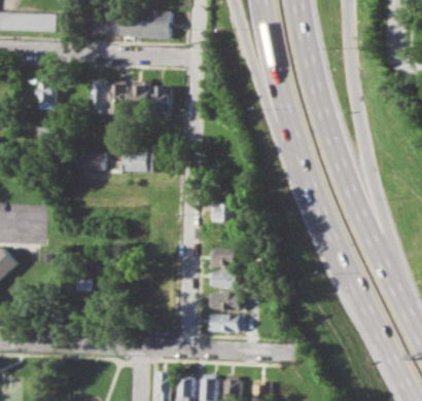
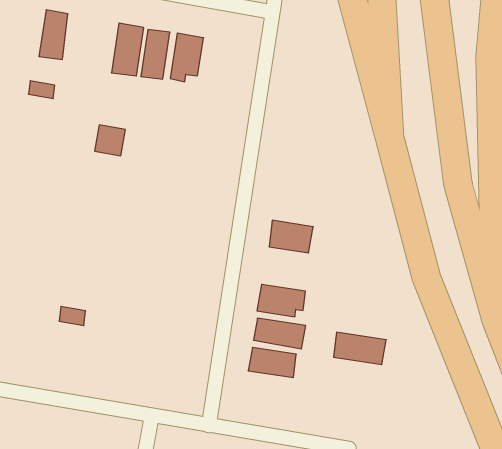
building: [151,86,171,118] -> none
building: [120,151,152,172] -> none
building: [208,314,243,332] -> [334,332,386,365]

